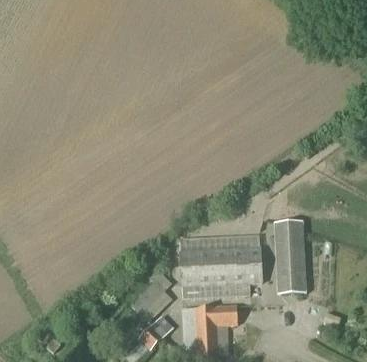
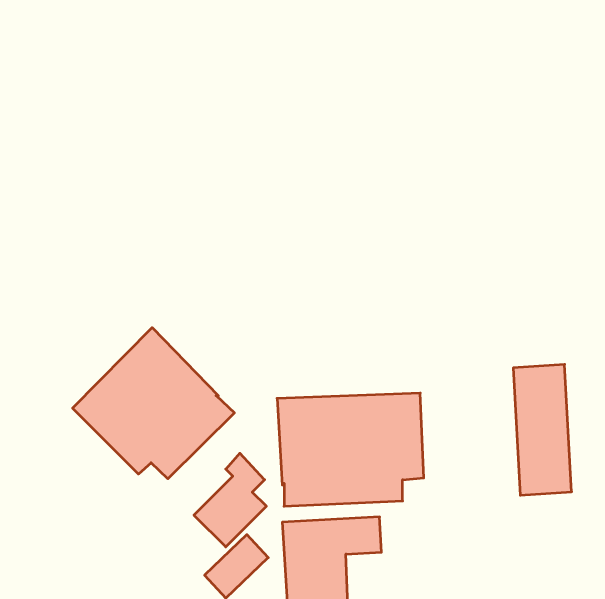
building: none -> [73,328,234,479]
building: [273,220,306,294] -> [513,364,572,495]

